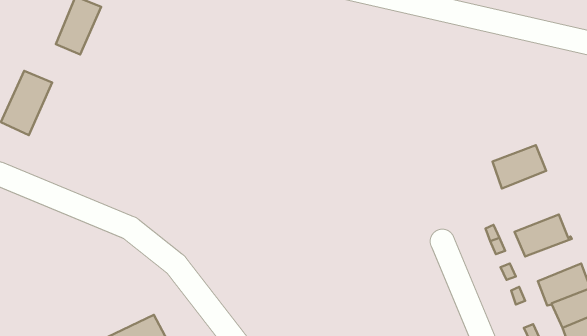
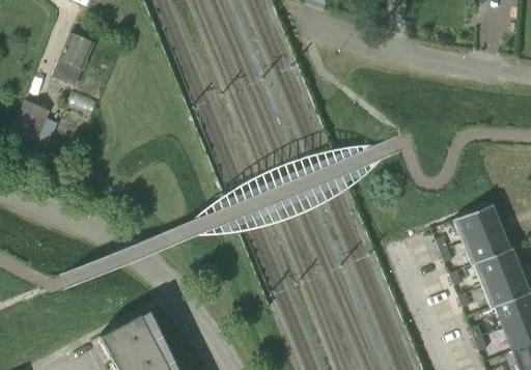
building: [493,145,546,188] -> [454,204,502,243]
building: none -> [474,249,522,286]

